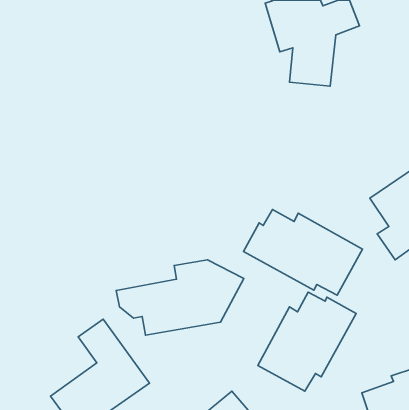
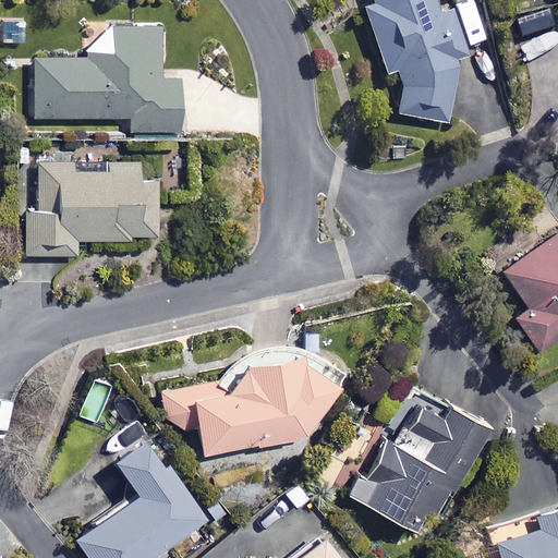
building: none -> [37,27,184,134]
building: none -> [27,162,167,258]
building: [244,209,363,295] -> none

